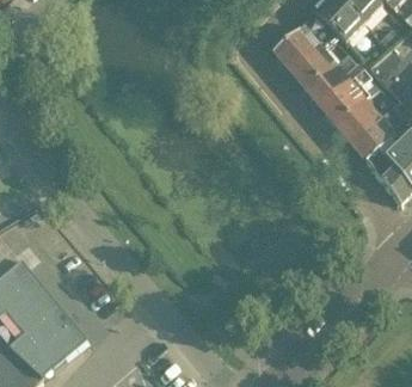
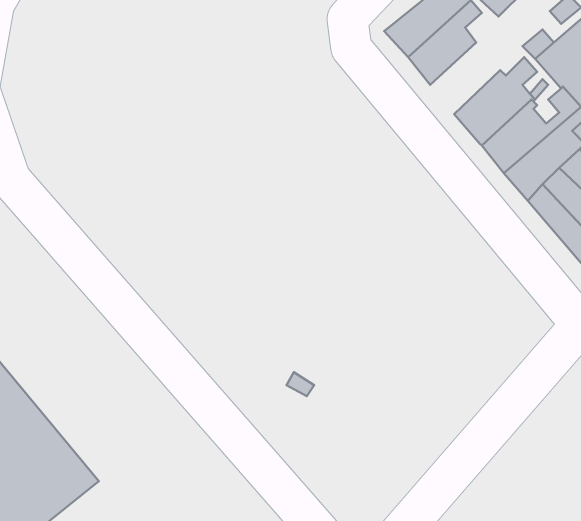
building: [303,54,364,106] -> none

